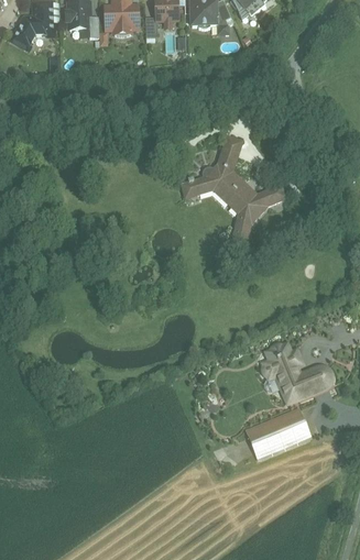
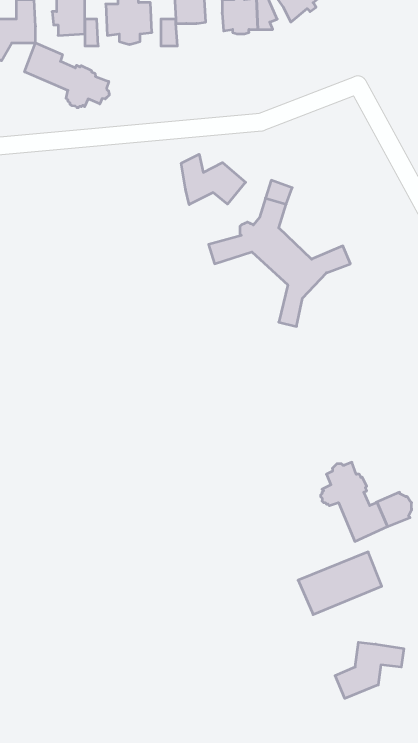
building: none -> [25,43,109,108]
building: none -> [181,154,246,205]
building: none -> [335,642,404,698]

